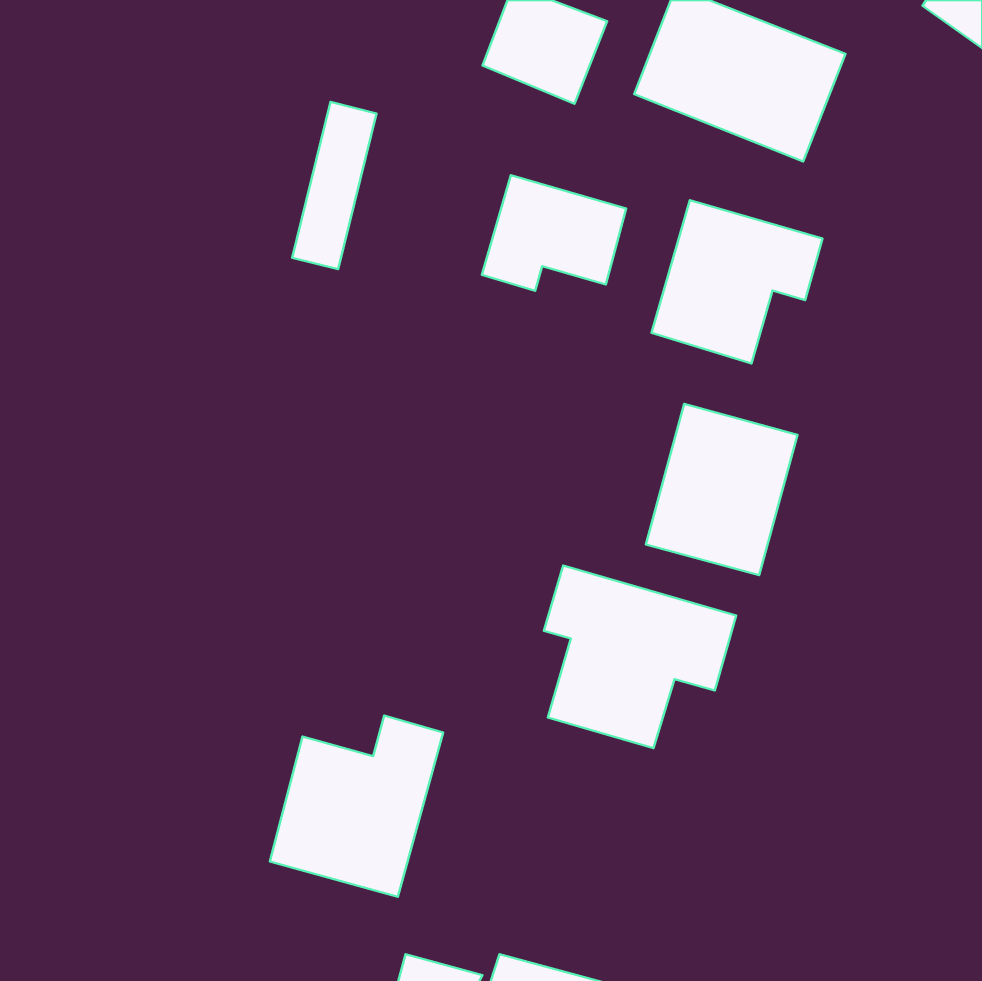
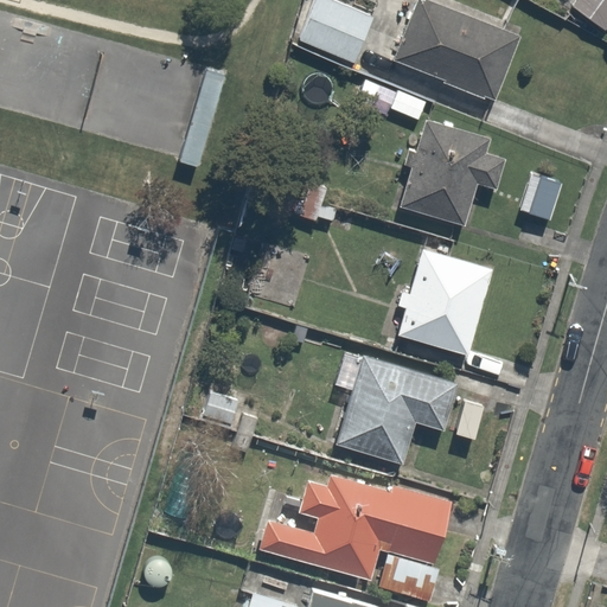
building: [482,175,626,291] -> none
building: [270,716,443,897] -> none
building: none -> [255,469,453,600]

